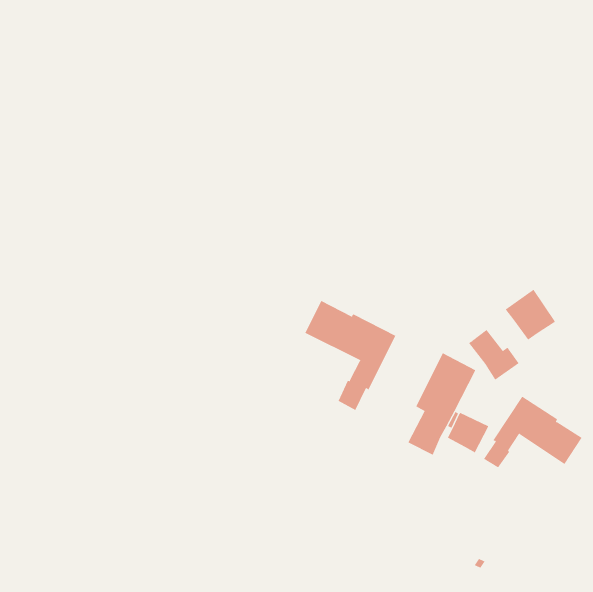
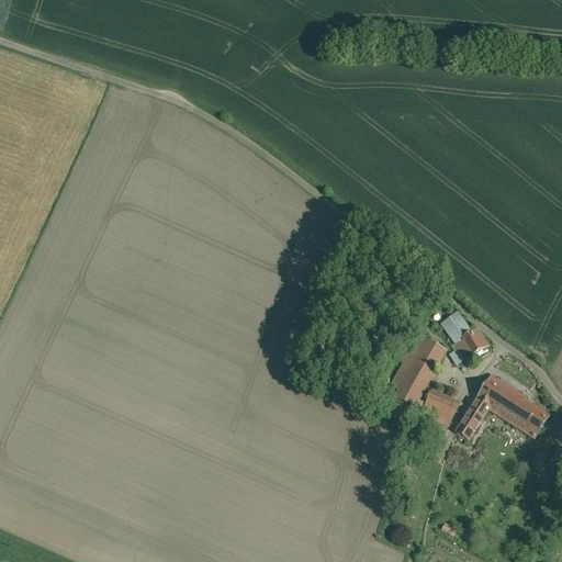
building: [505,289,555,340] -> none
building: [304,300,396,411] -> none

